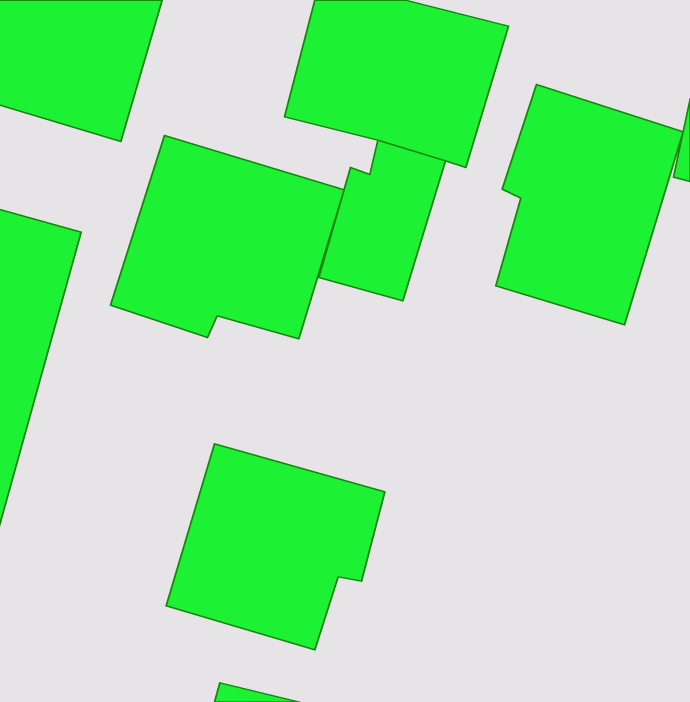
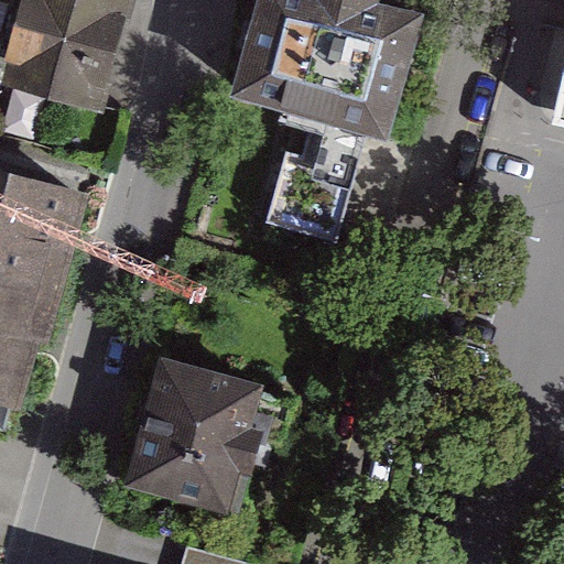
building: [496,85,683,325] -> none
building: [110,136,344,339] -> none

